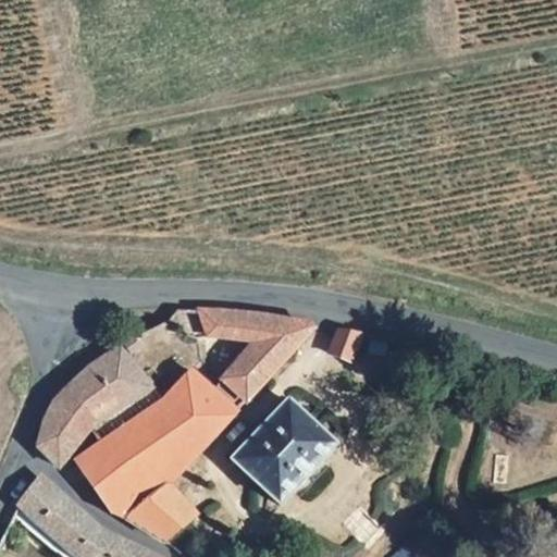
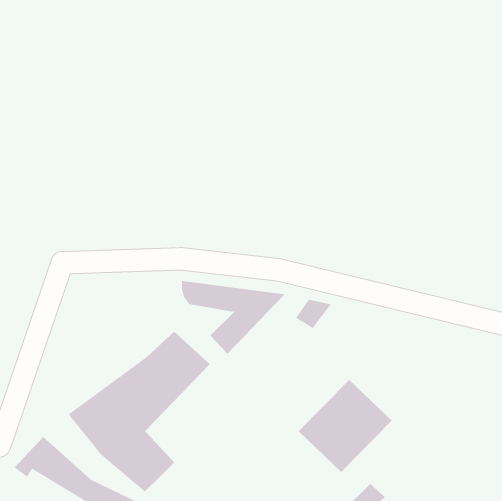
building: [36,344,144,462] -> none
building: [232,399,336,503] -> [298,379,392,473]

